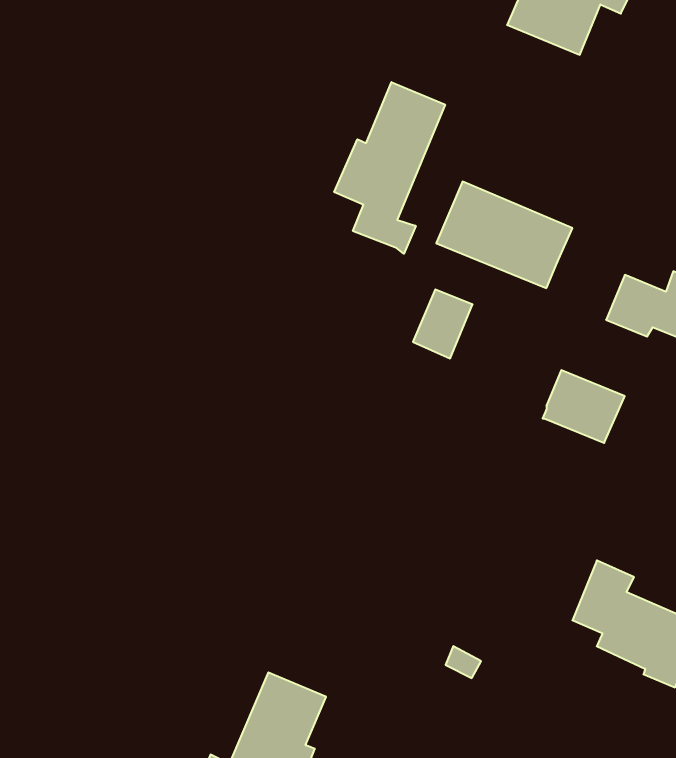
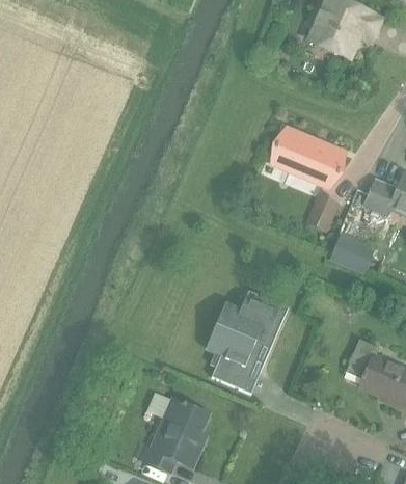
building: [334,82,445,254] -> none
building: [413,289,473,358] -> [306,192,340,231]
building: none -> [206,290,288,393]

